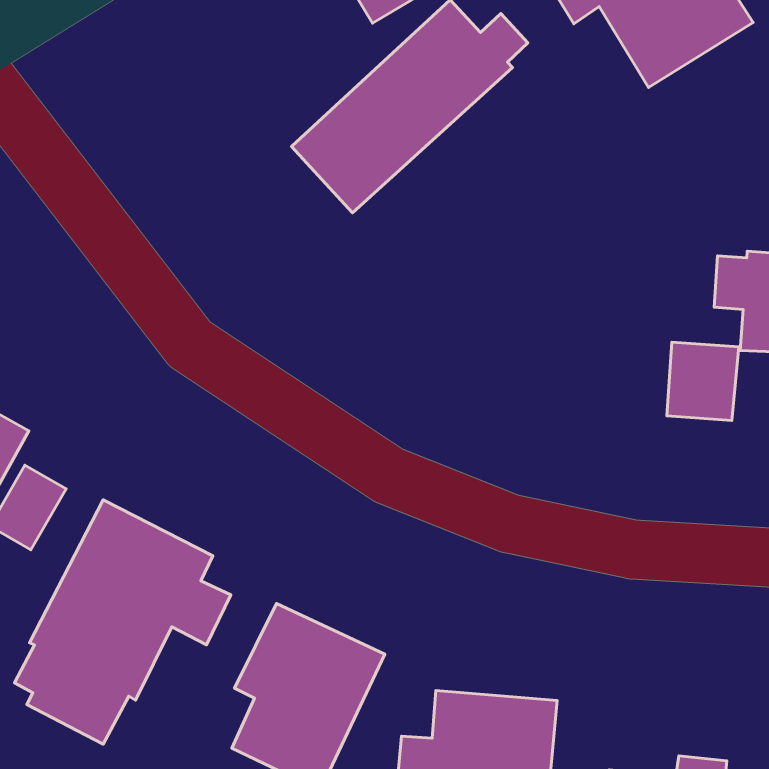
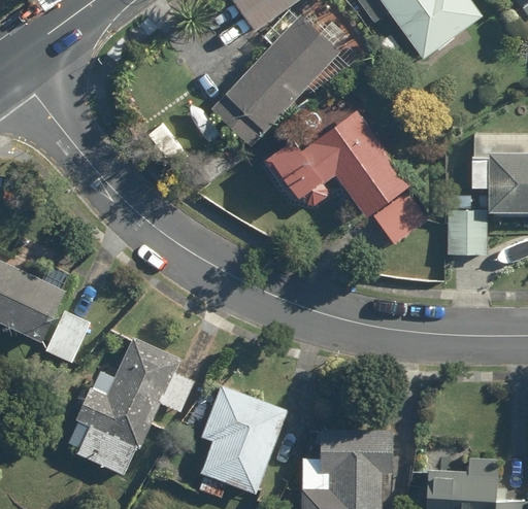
building: none -> [266,110,427,243]

